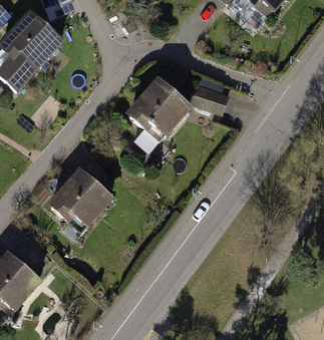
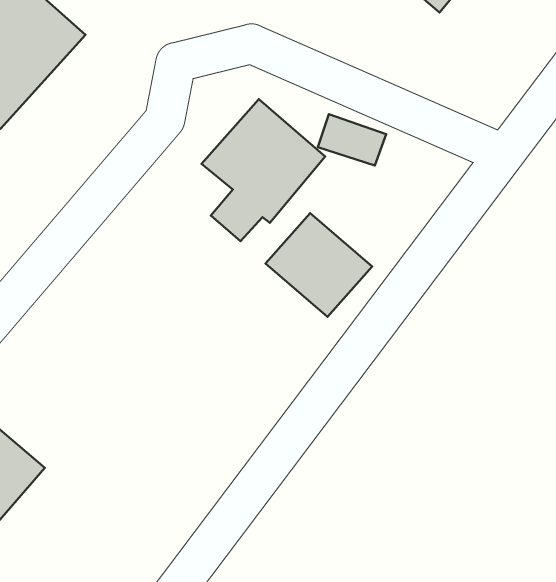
building: none -> [266,213,372,317]
building: [47,165,114,234] -> none

